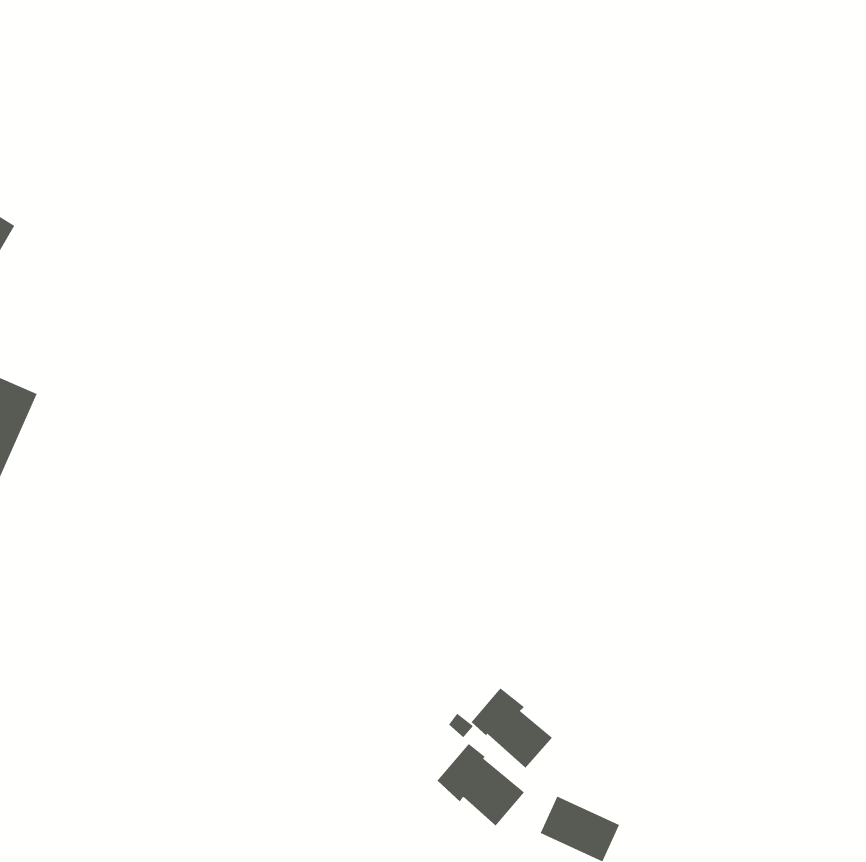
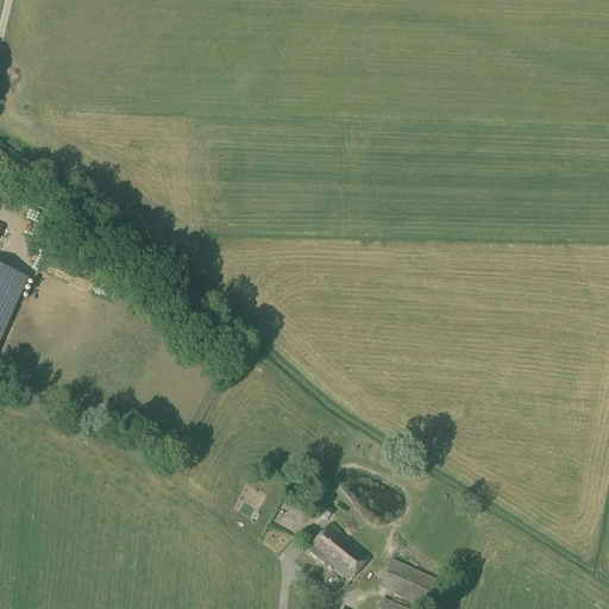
building: [471,687,553,768] -> none

